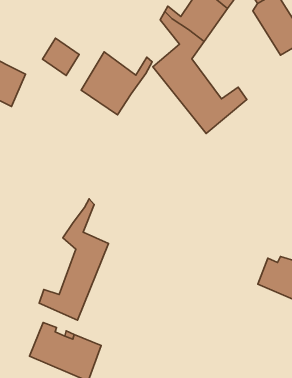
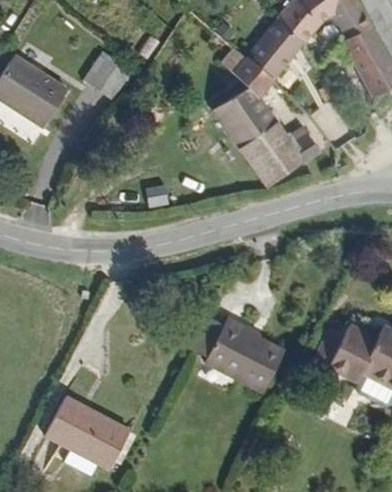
building: [81,52,152,115] -> none
building: [39,199,108,320] -> none
building: none -> [204,310,282,384]

